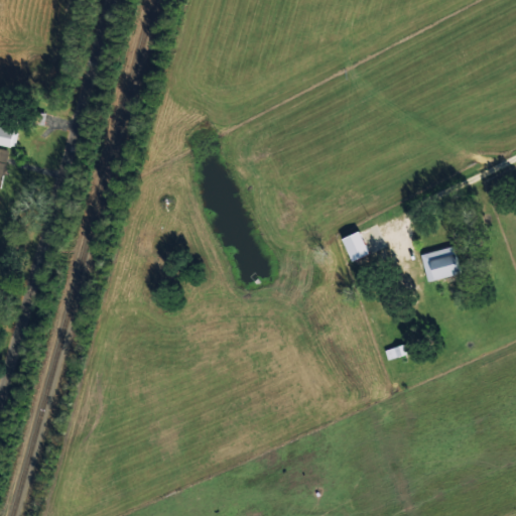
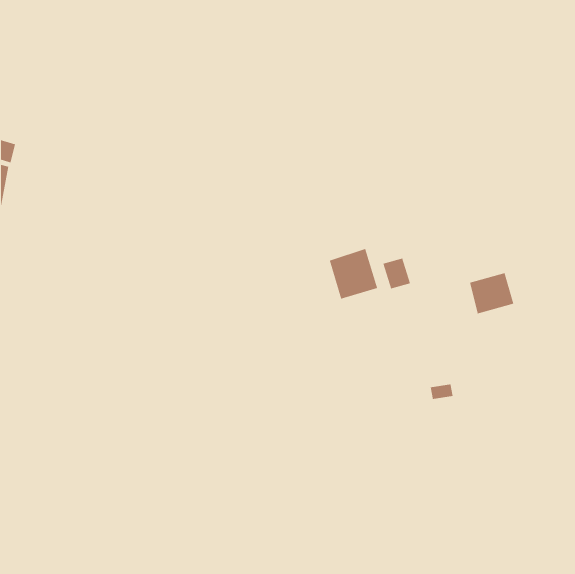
building: none -> [329,248,378,299]

